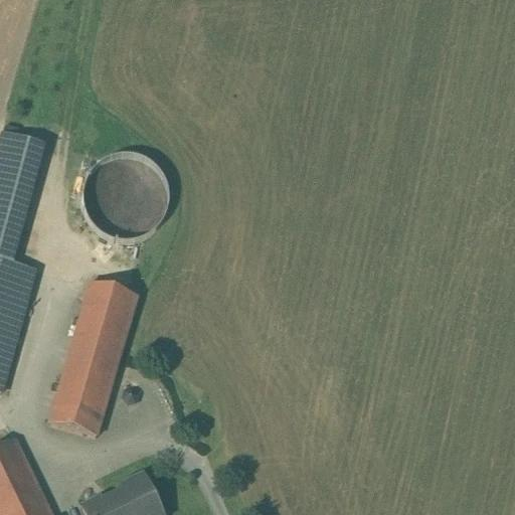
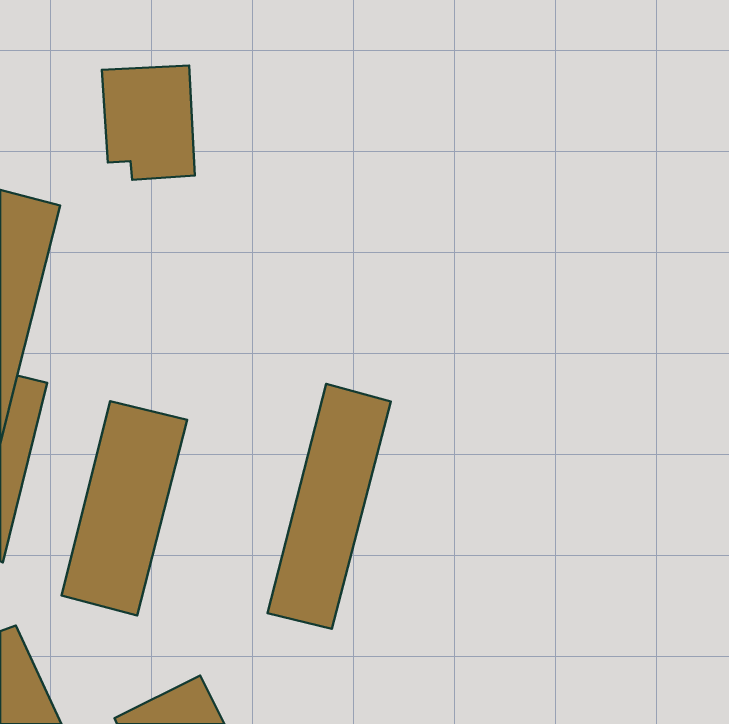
building: [96,153,161,233] -> [102,65,195,180]
building: none -> [267,384,391,629]

